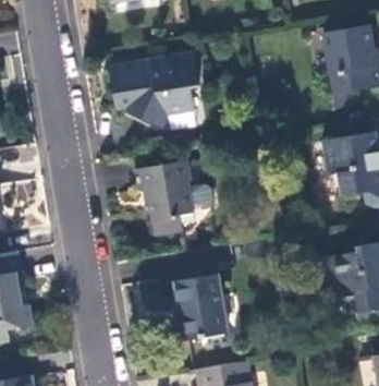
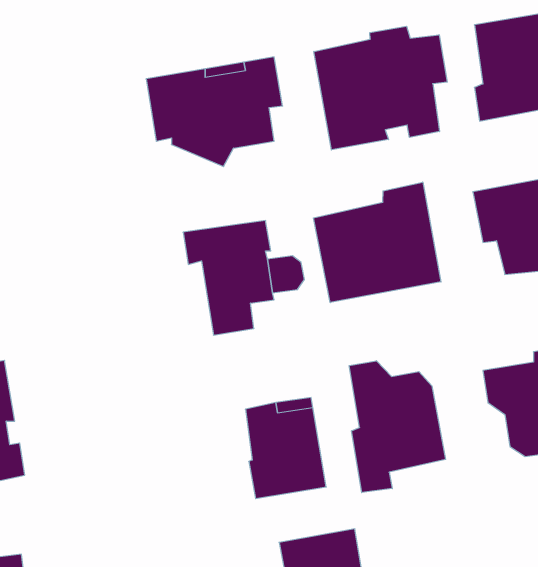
building: none -> [314,26,447,150]
building: none -> [314,182,441,303]
building: none -> [349,361,446,493]

